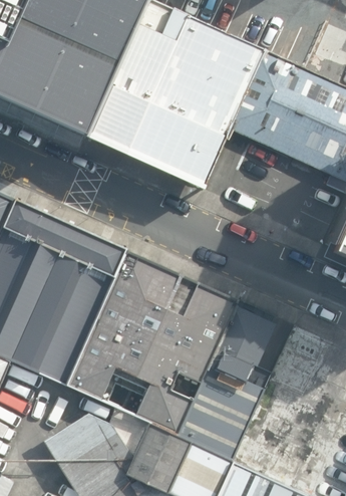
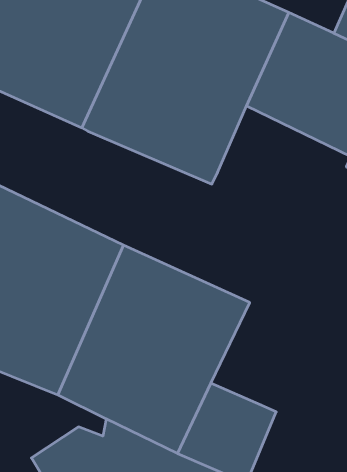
building: [203,303,277,393] -> none

